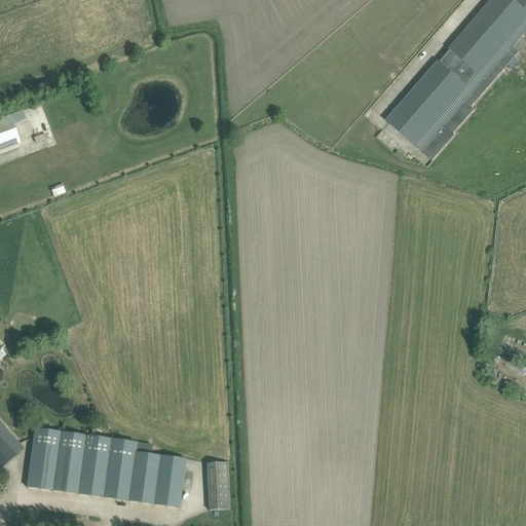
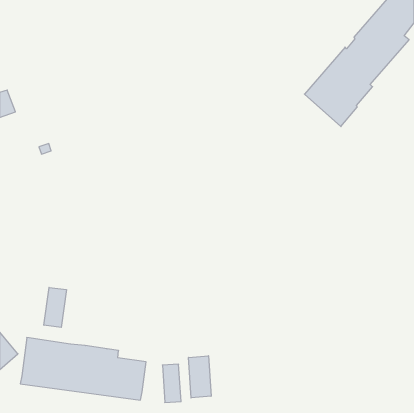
building: none -> [44,287,66,327]
building: none -> [189,356,211,398]

